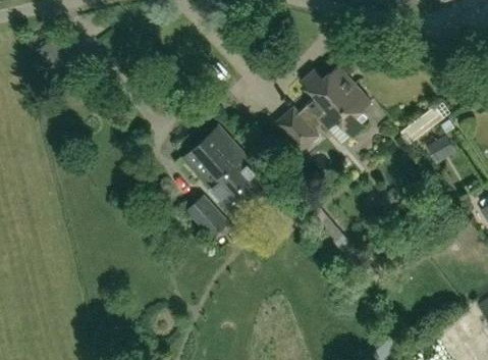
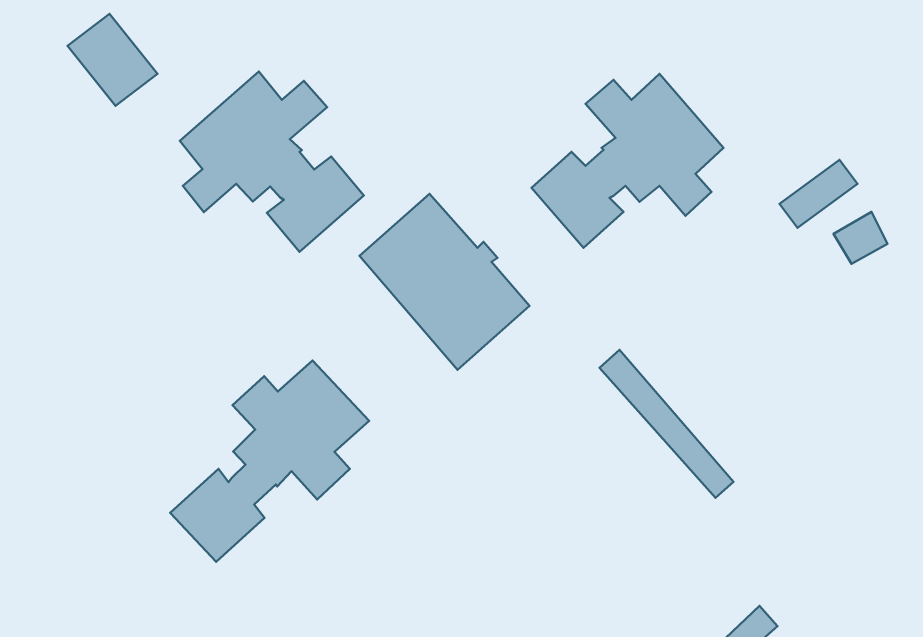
building: none -> [180,72,364,252]
building: [185,193,229,238] -> none
building: none -> [170,360,369,562]

